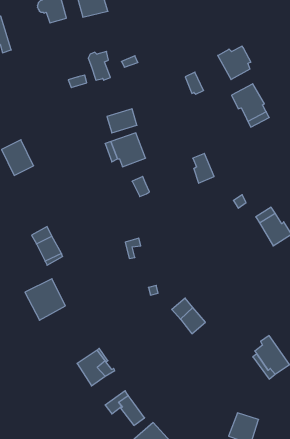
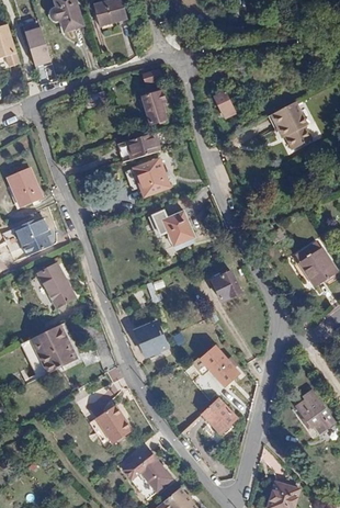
building: none -> [24,25,50,66]
building: [218,46,251,80] -> none
building: [88,51,110,80] -> [141,91,167,124]
building: [193,153,214,183] -> [170,210,194,244]
building: none -> [14,216,50,257]
building: none -> [209,270,239,301]
building: none -> [131,321,166,358]
building: none -> [201,398,236,433]

